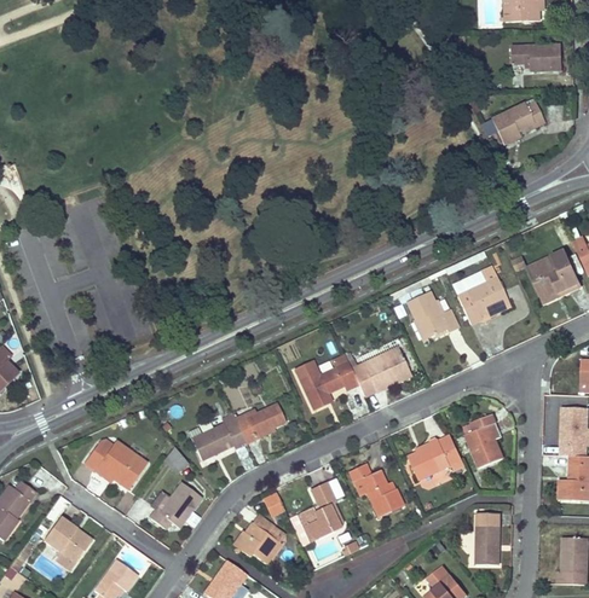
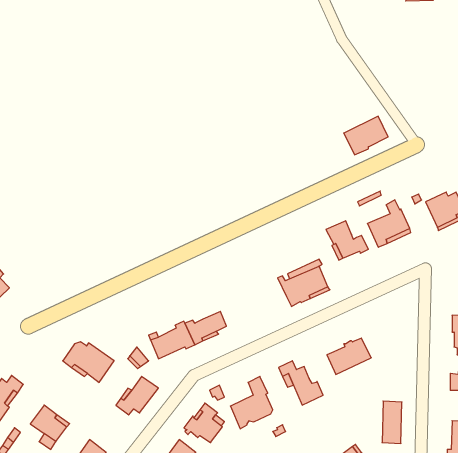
building: [512,43,561,71] -> none
building: [490,98,544,145] -> [344,116,388,155]
building: [296,354,358,408] -> none
building: [466,413,502,466] -> none

